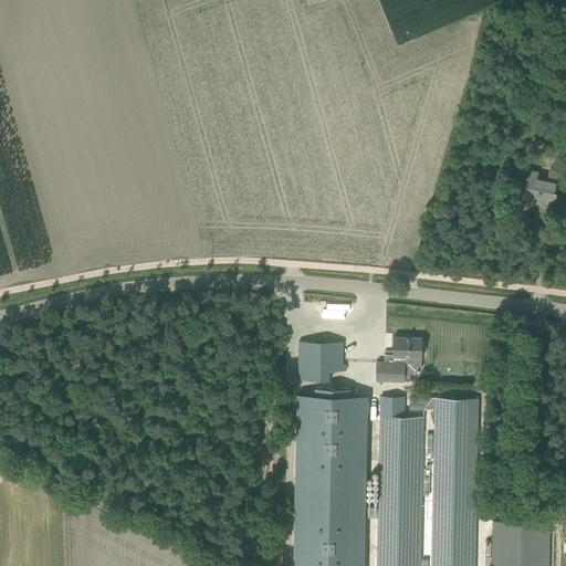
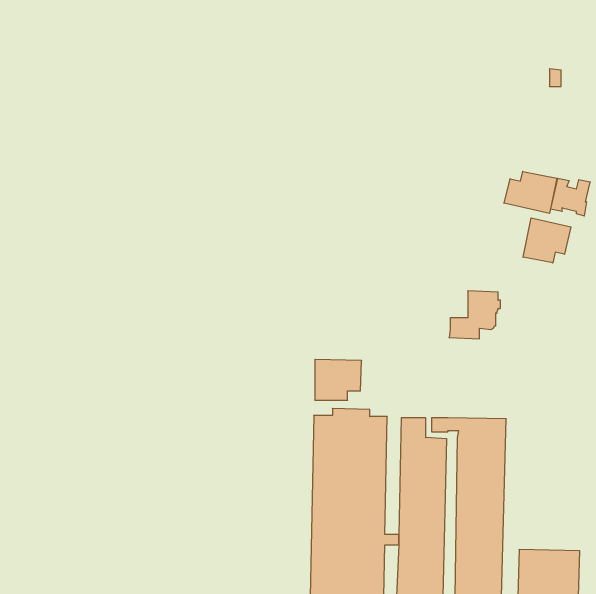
building: none -> [504,171,557,213]
building: none -> [523,218,571,263]
building: [376,338,424,384] -> [449,291,500,339]

